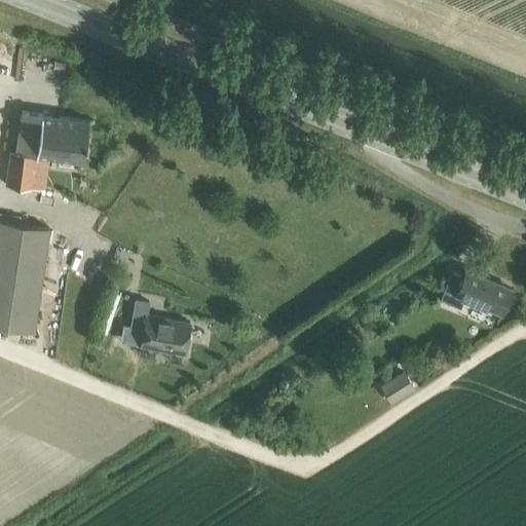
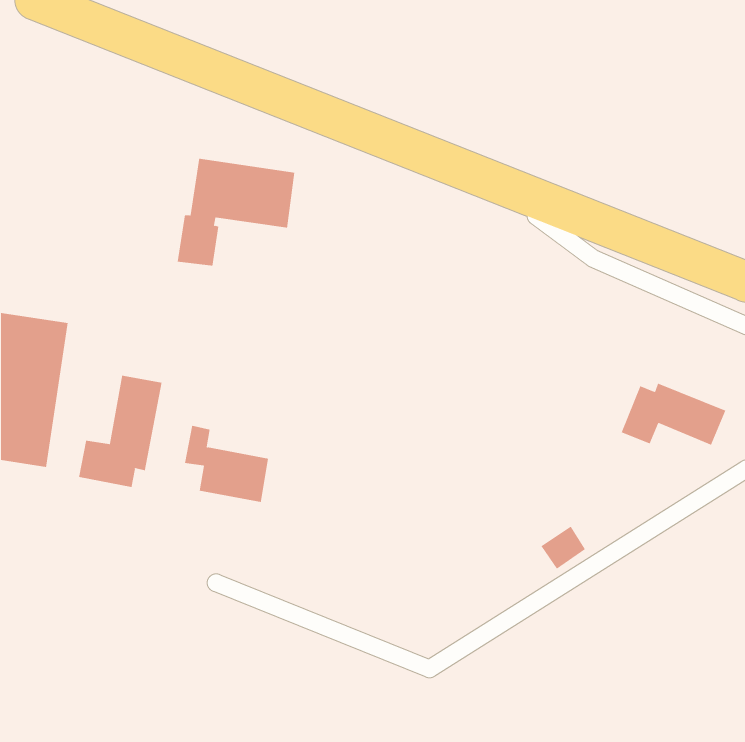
building: [5,114,88,190] -> [177,158,295,266]
building: none -> [78,375,162,488]

